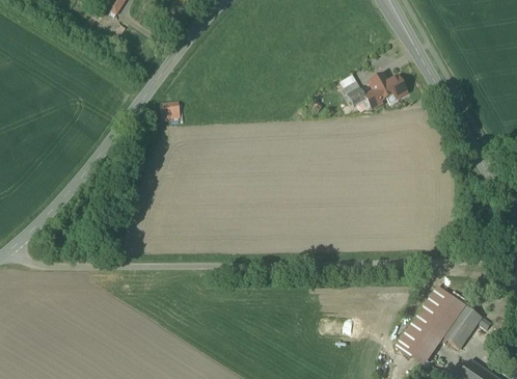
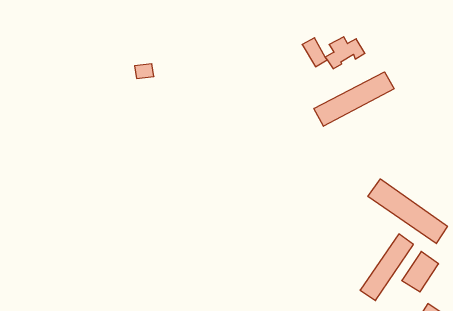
building: none -> [314,72,394,126]
building: none -> [368,179,447,244]

